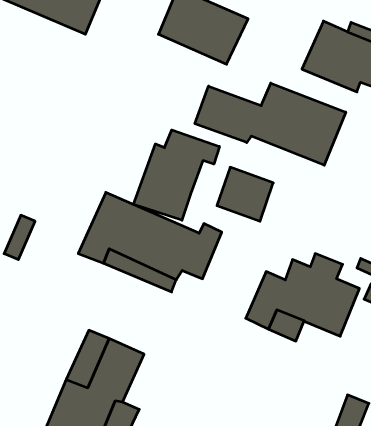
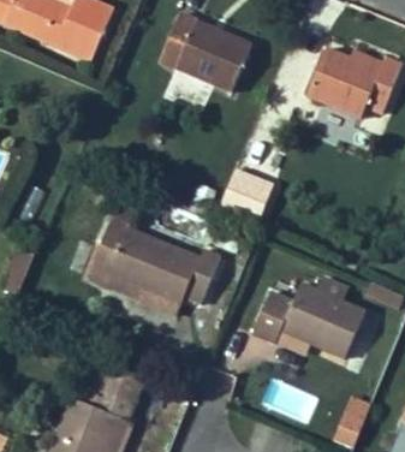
building: [195,83,346,165] -> none
building: [133,130,219,220] -> none

